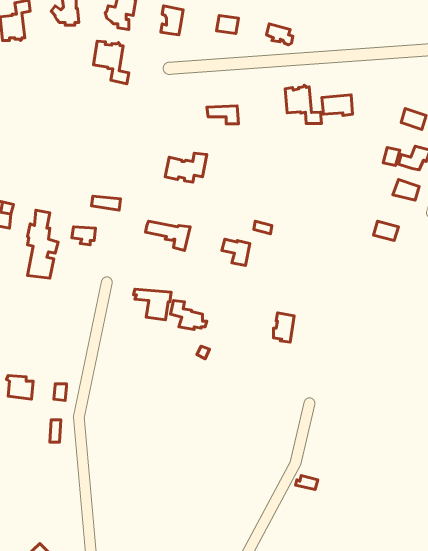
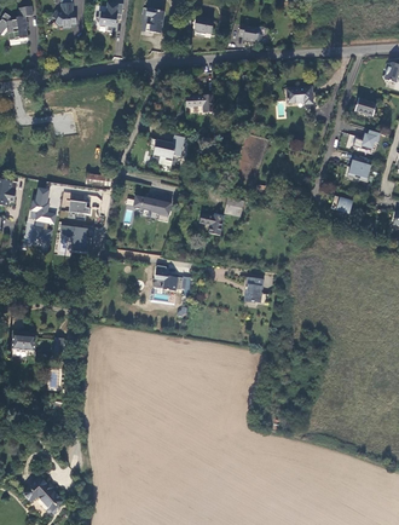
building: [93,41,129,84] -> none
building: [285,85,321,124] -> none
building: [134,289,171,320] -> [59,225,92,252]

